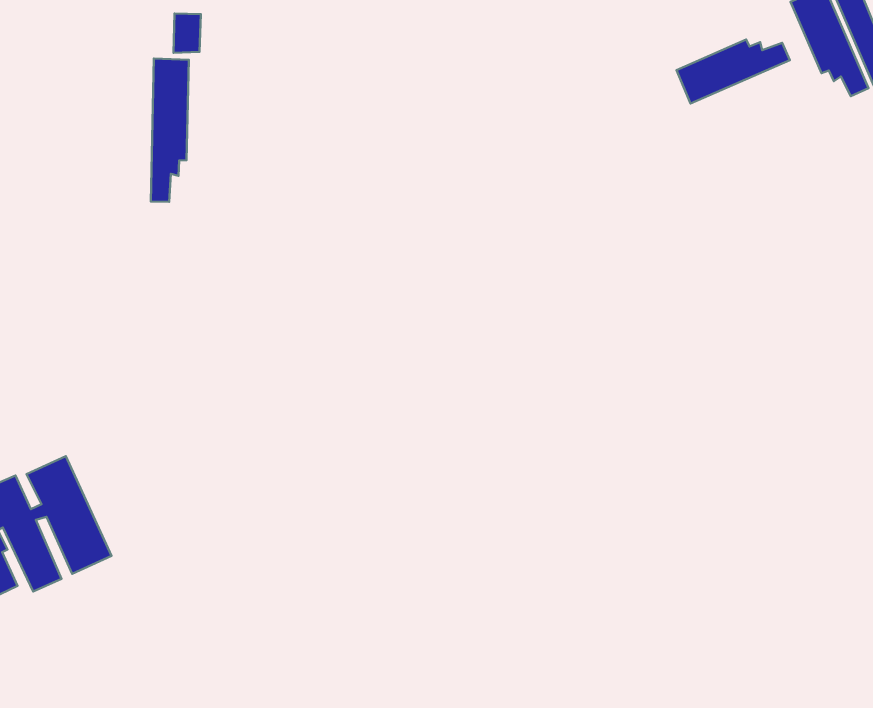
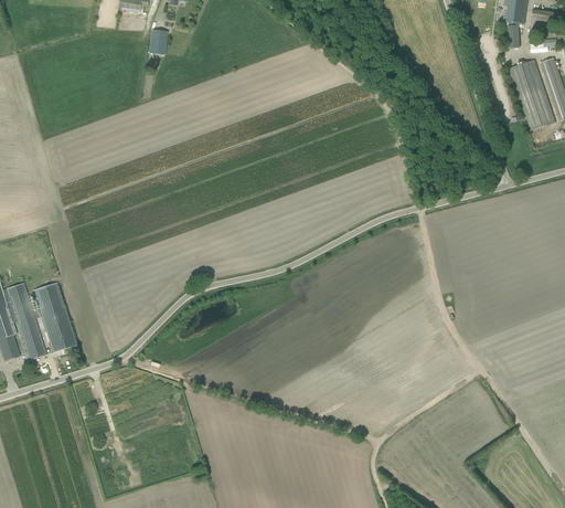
building: [676,40,790,104] -> none
building: [151,58,189,202] -> none

